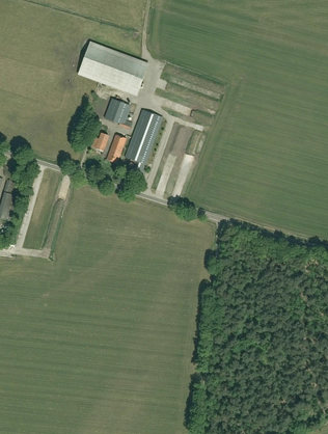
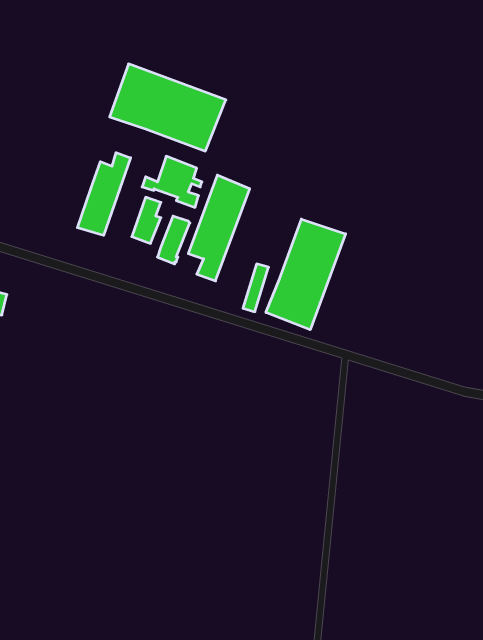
building: none -> [77,153,131,235]
building: none -> [266,219,346,330]

